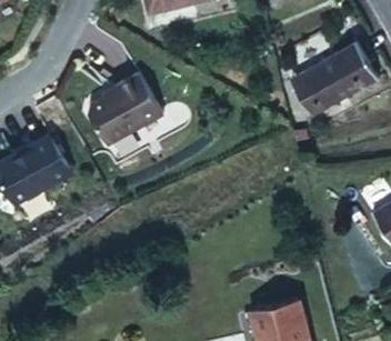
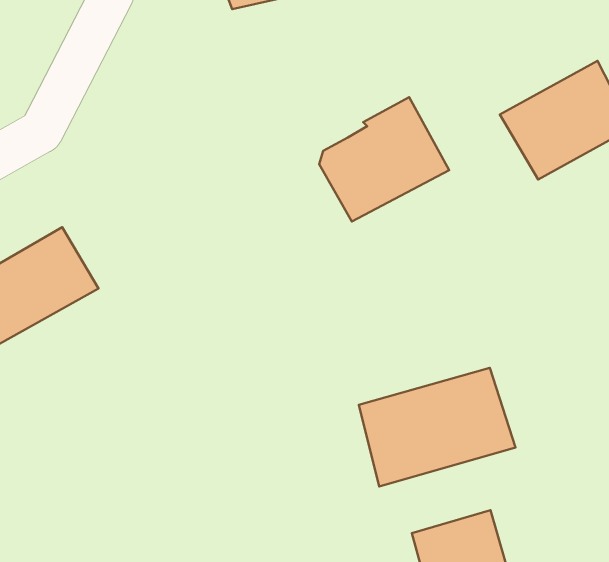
building: [88,73,163,146] -> [319,97,449,222]
building: none -> [359,368,515,486]

